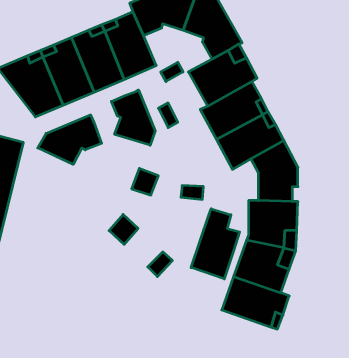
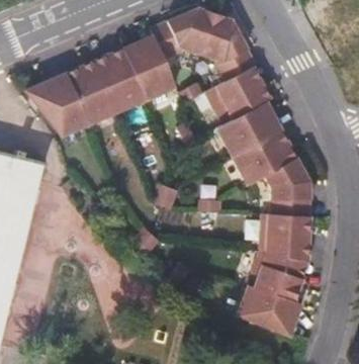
building: [111,90,155,145] -> none
building: [38,115,102,164] -> none
building: [191,209,240,279] -> none

